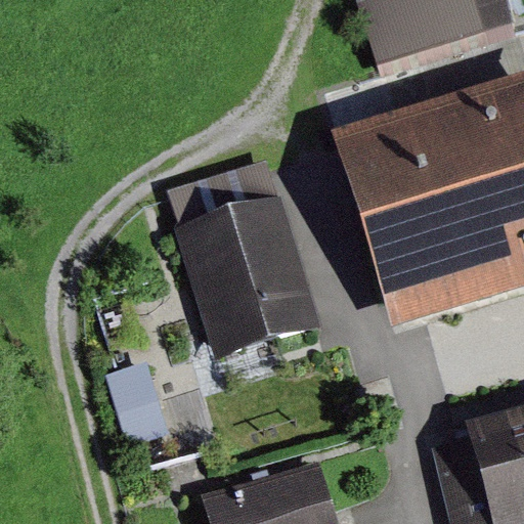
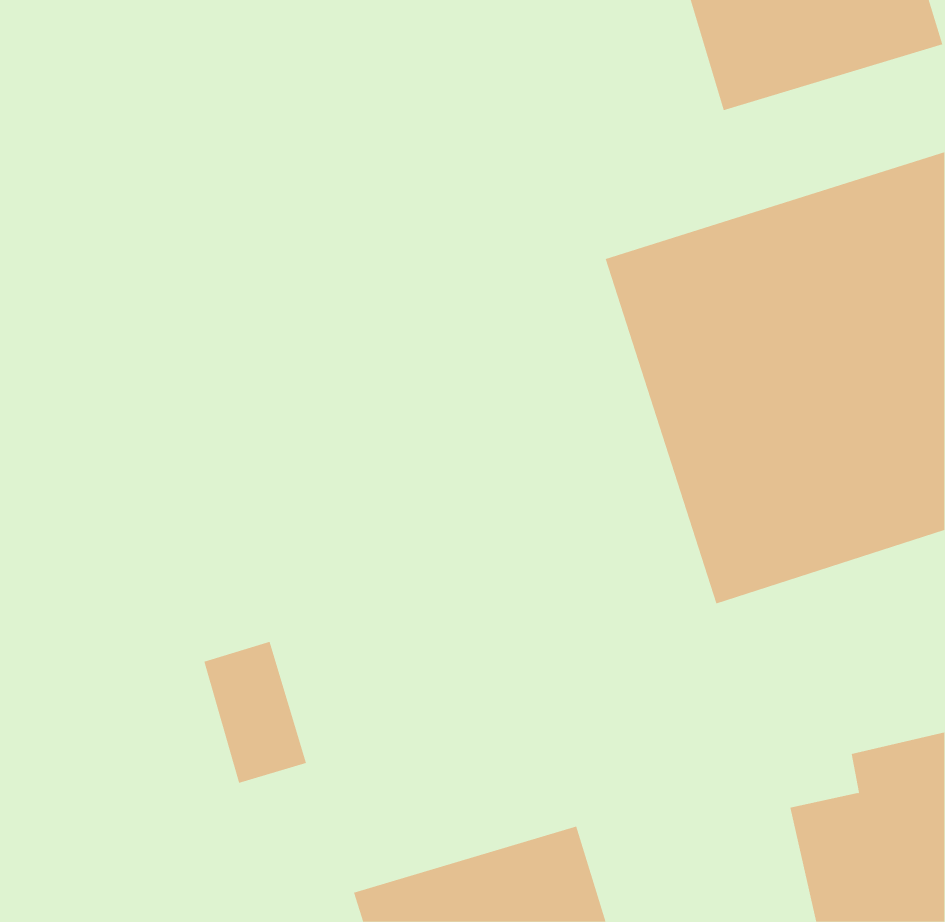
building: [161,162,324,366] -> none

